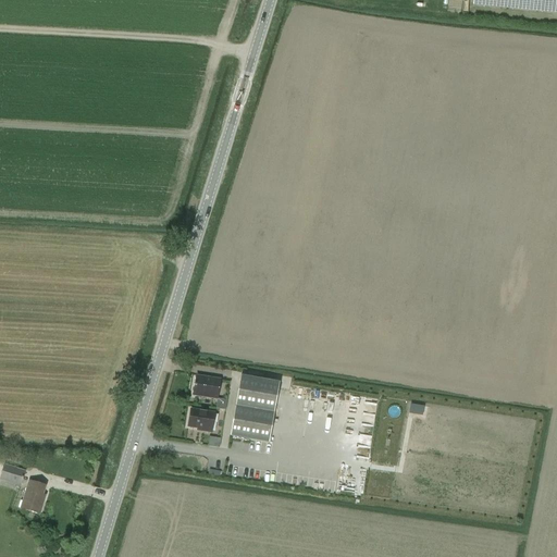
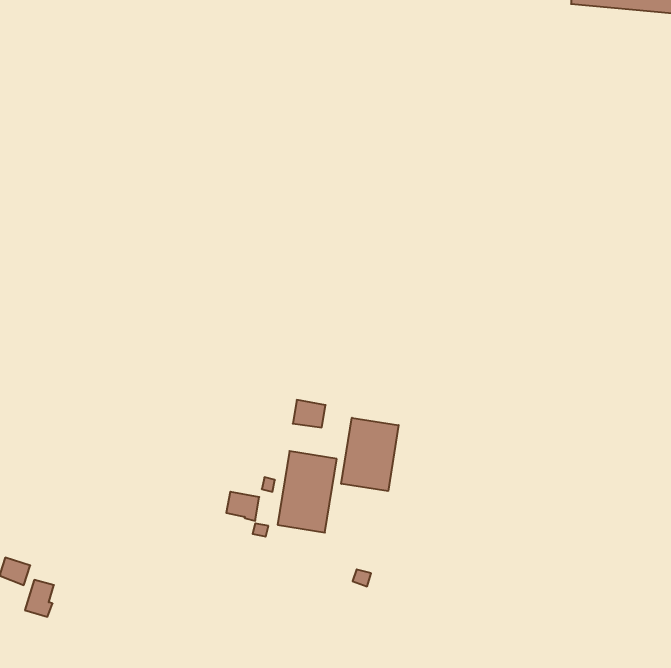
building: none -> [341,418,399,491]
building: [194,373,221,396] -> [293,400,326,427]

